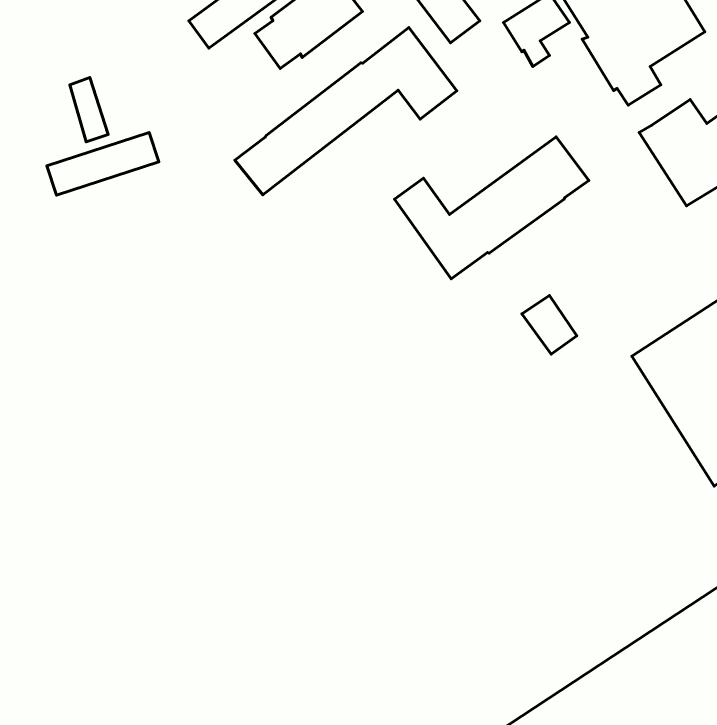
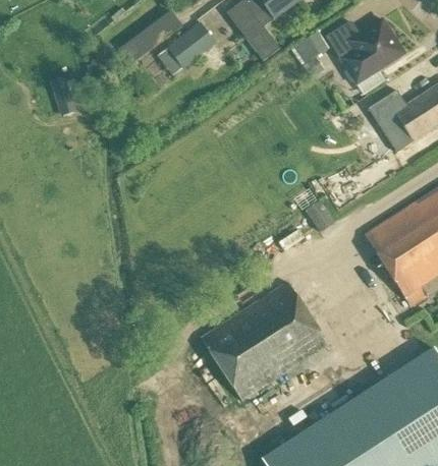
building: [235,28,457,195] -> none
building: [47,133,159,195] -> none
building: [394,137,589,279] -> none
building: none -> [195,282,328,402]

